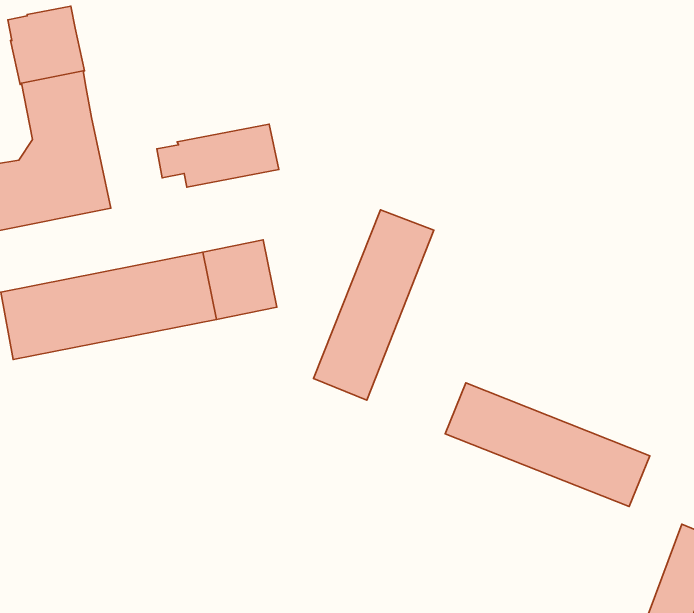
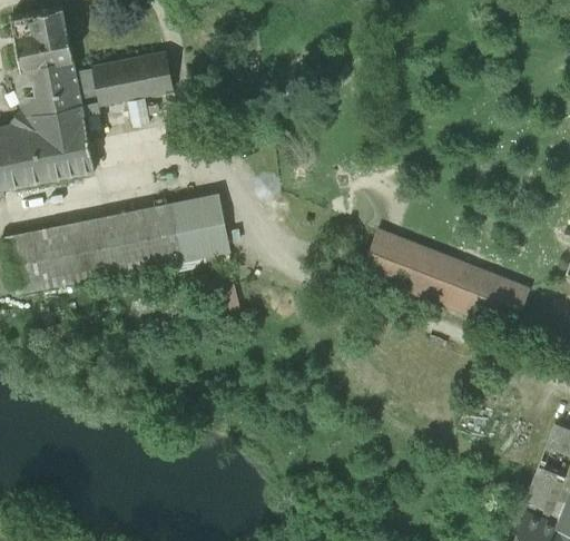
building: [157,124,279,187] -> [75,52,174,104]
building: [313,210,434,400] -> none
building: [445,383,650,507] -> [362,230,528,331]

